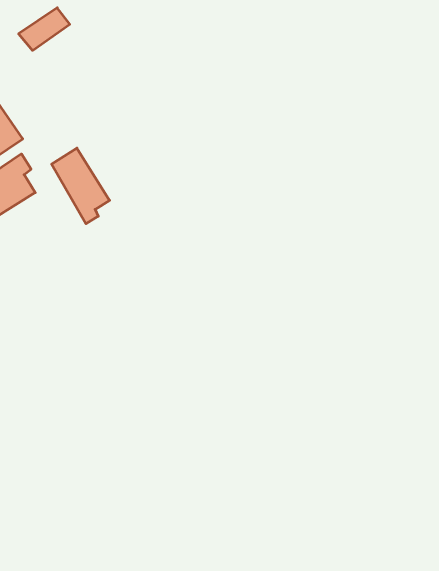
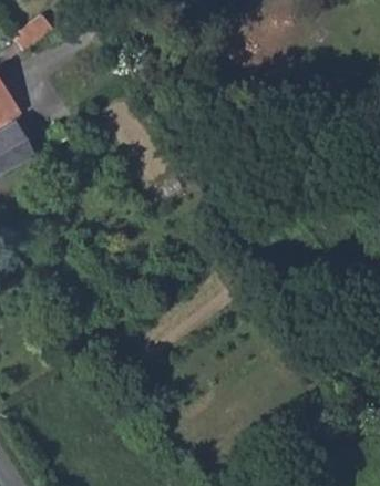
building: [52,148,110,224] -> none

